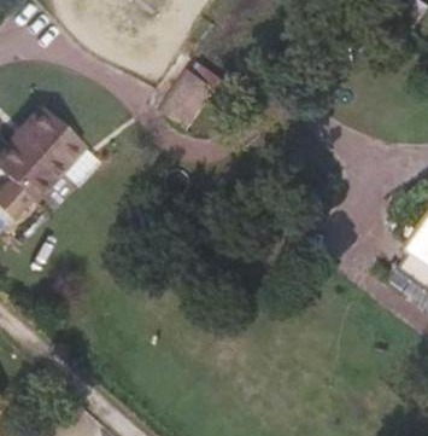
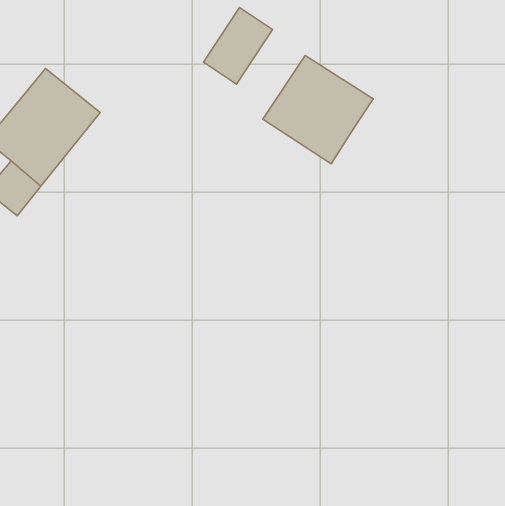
building: none -> [263,55,373,164]

